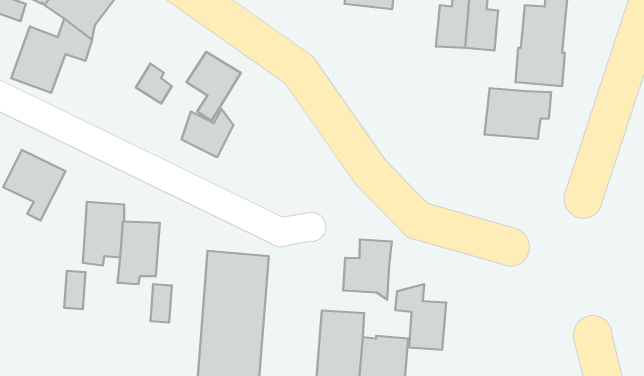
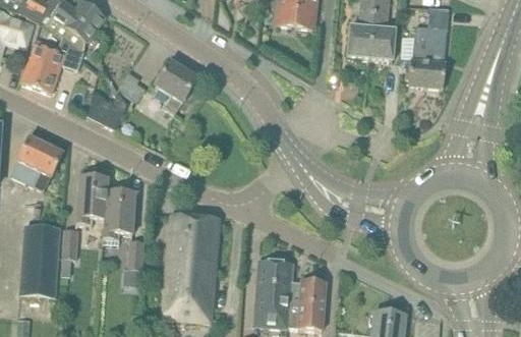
building: [485,88,551,139] -> none
building: [182,109,233,157] -> [88,91,127,127]
building: [343,239,392,300] -> none
building: none -> [19,226,59,297]
building: [395,284,446,350] -> none

